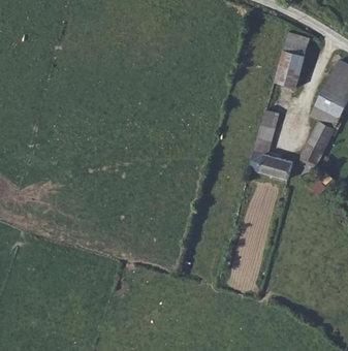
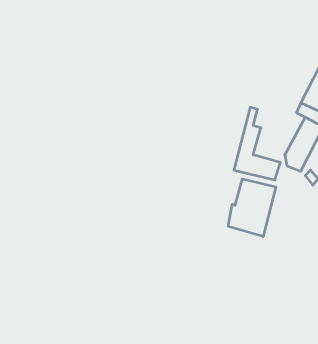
building: [275,31,308,86] -> none
building: none -> [228,179,276,237]

